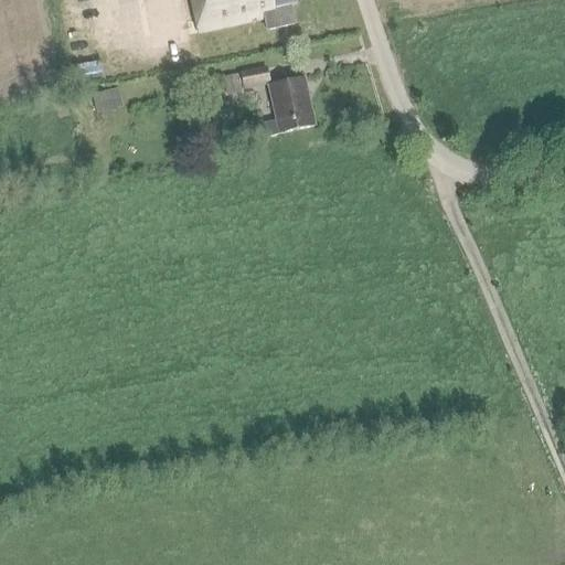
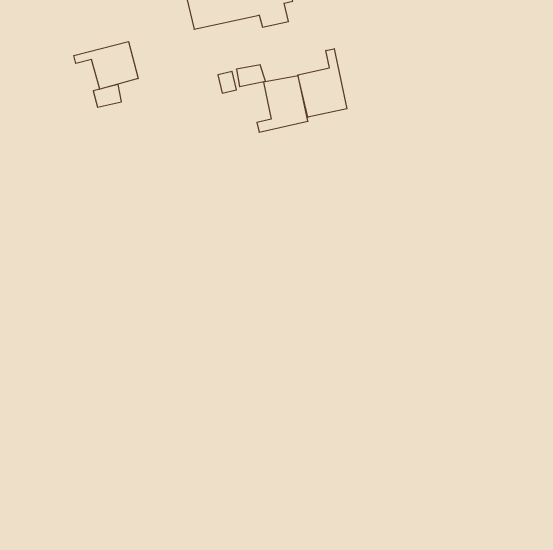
building: none -> [74,42,138,89]
building: none -> [298,49,347,117]

